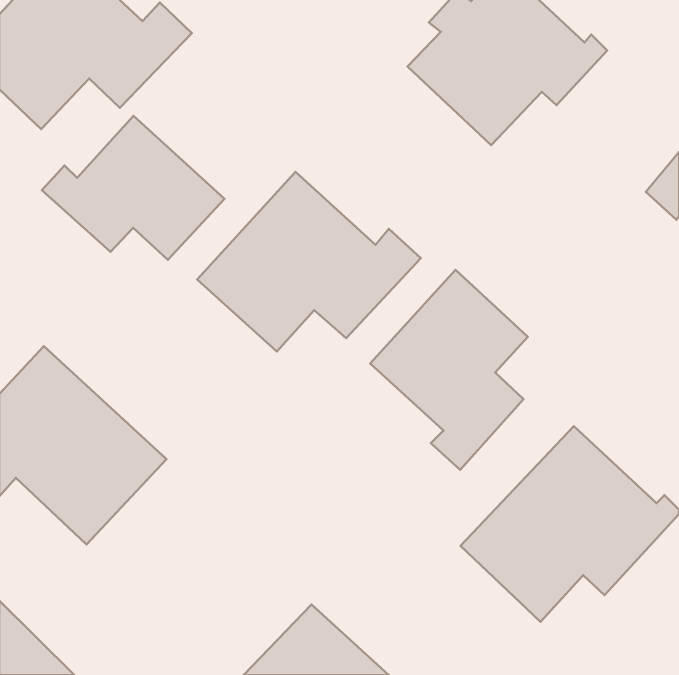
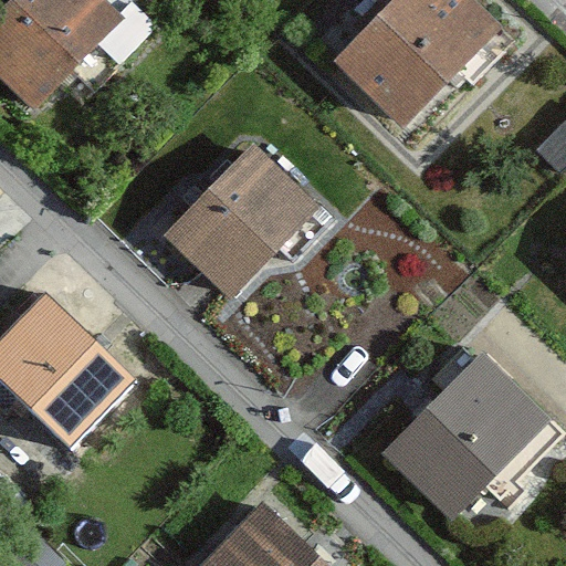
building: [42,116,224,260] -> none
building: [370,270,528,470] -> none

